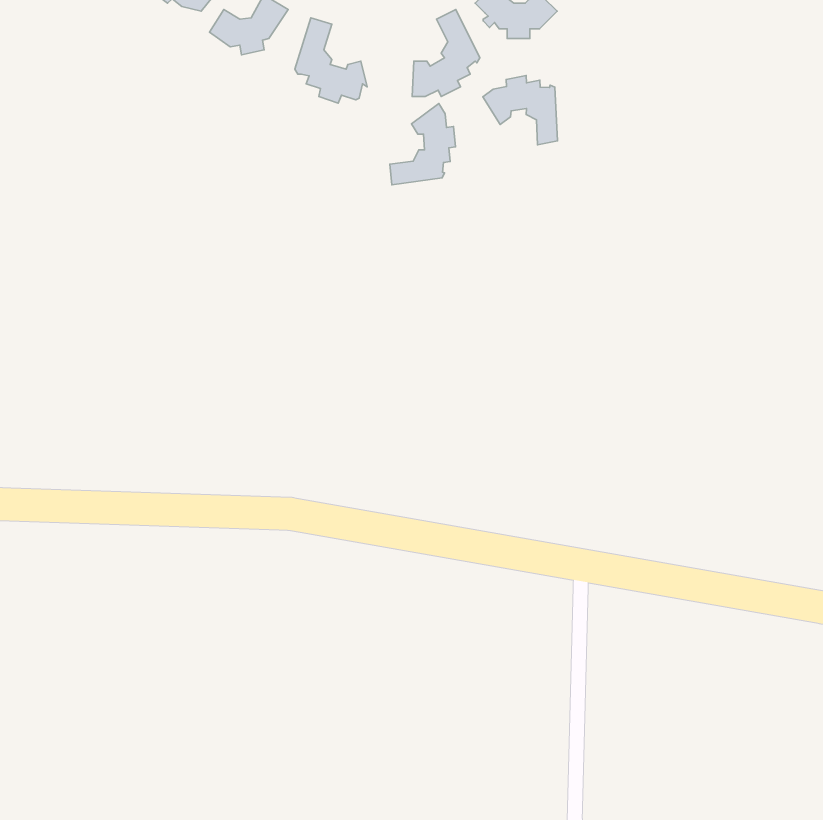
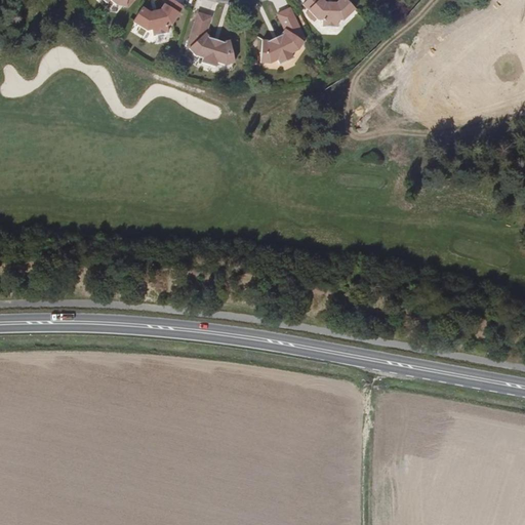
building: [483,76,558,145] -> none
building: [390,104,455,185] -> none

